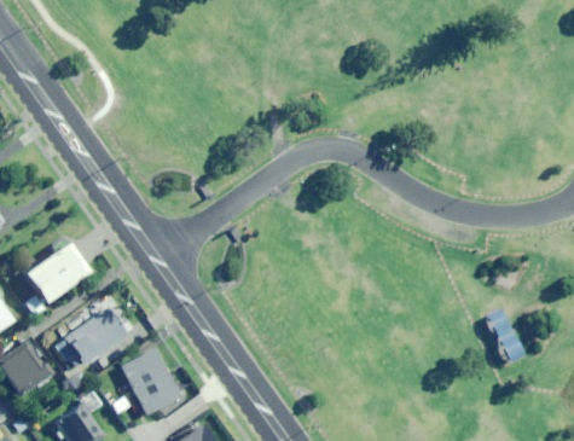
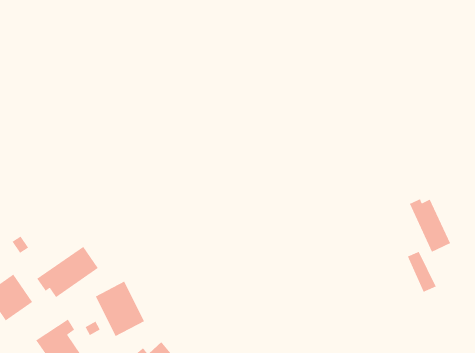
building: [25,243,89,303] -> none
building: none -> [409,198,451,253]

